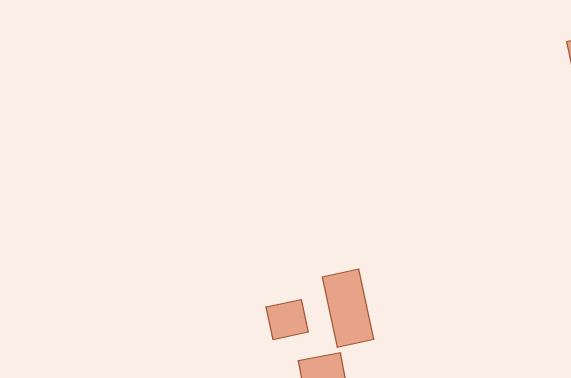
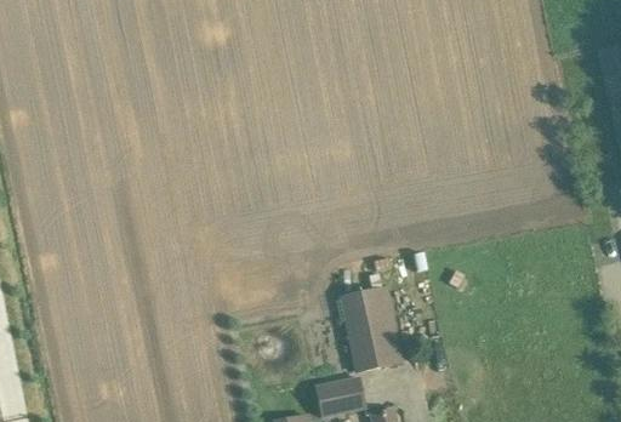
building: [266,299,308,340] -> none

